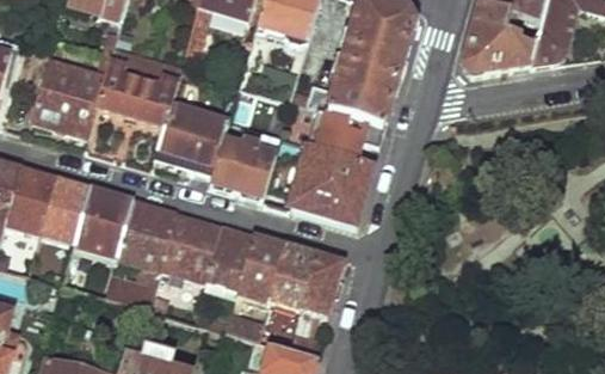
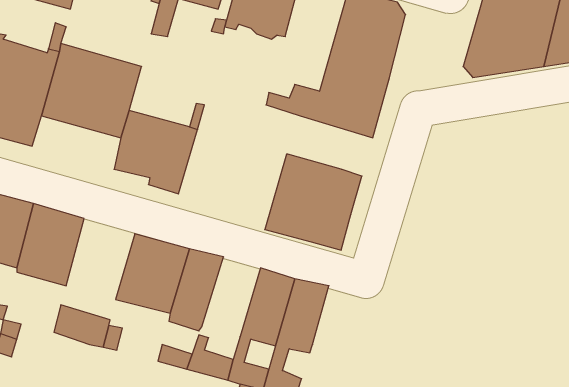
building: [309,109,383,155] -> none
building: [211,135,274,201] -> none
building: [116,198,175,269] -> none
building: [234,232,285,301] -> none

